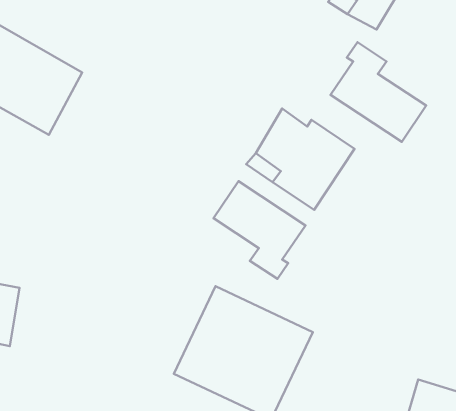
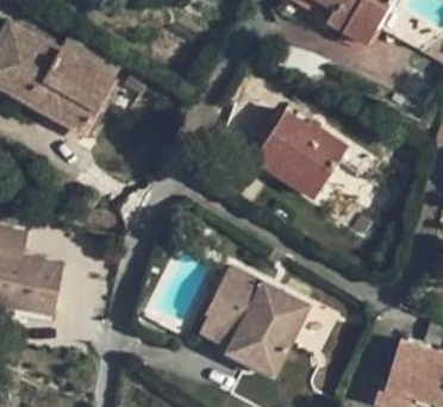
building: [330,42,426,142] -> none
building: [213,181,305,279] -> none

